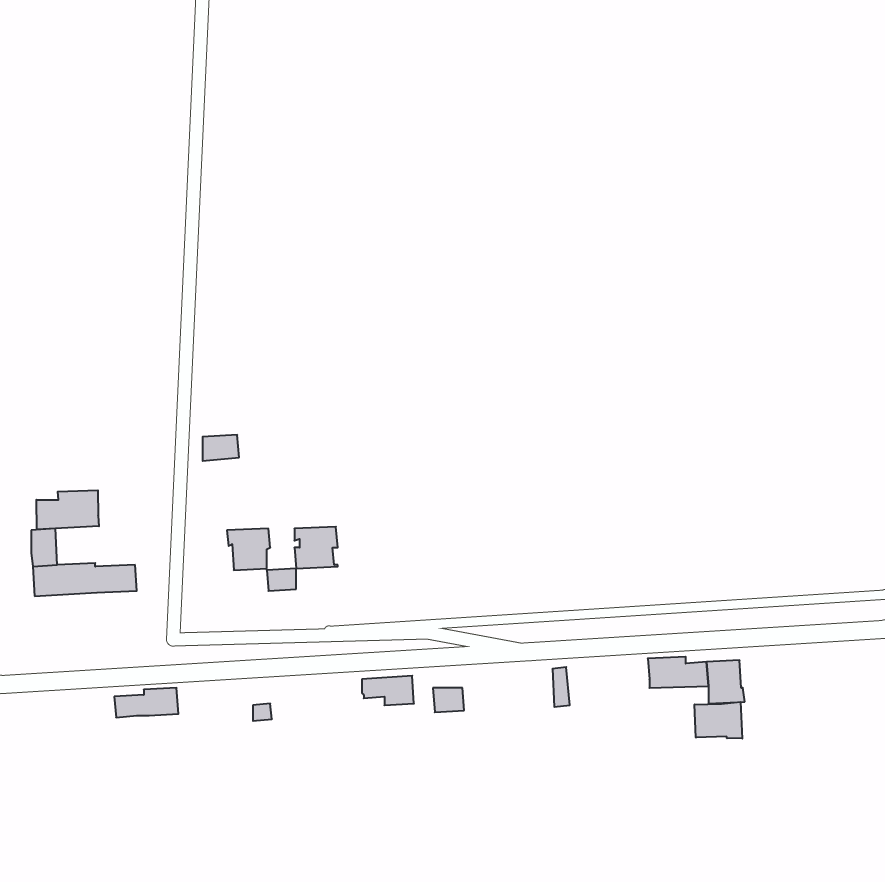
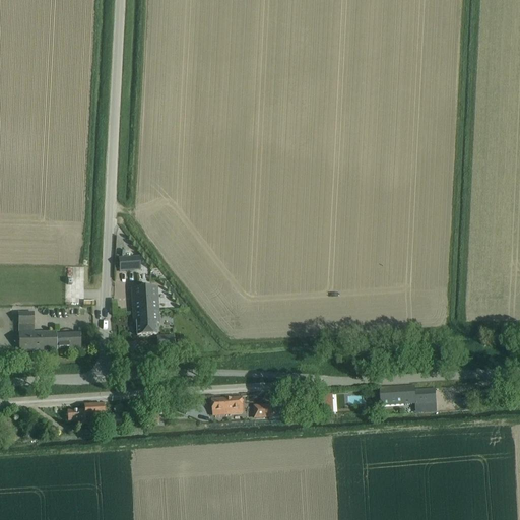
building: [36,490,99,529] -> none
building: [294,527,338,568] -> [132,286,157,311]
building: [695,702,742,739] -> none

